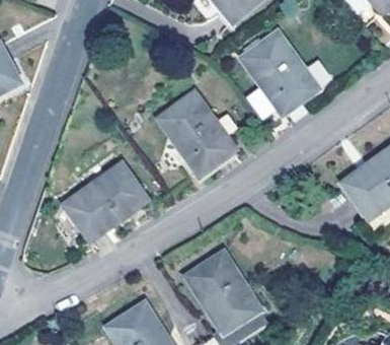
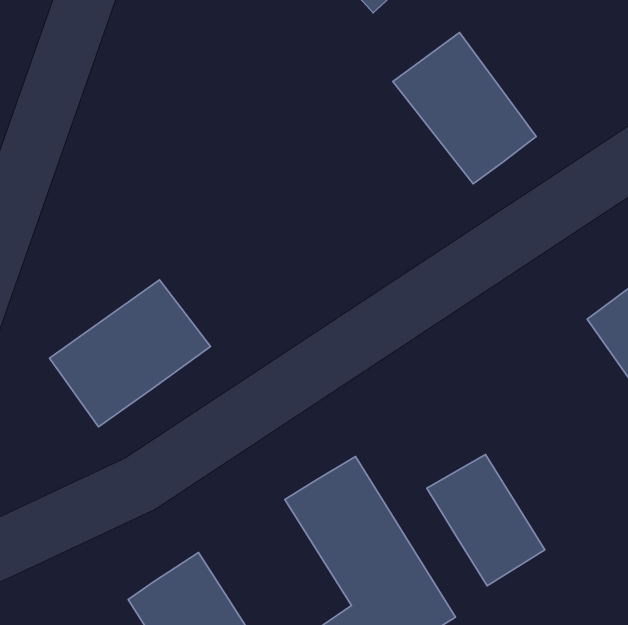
building: [159,94,233,176] -> none
building: none -> [427,454,545,586]

